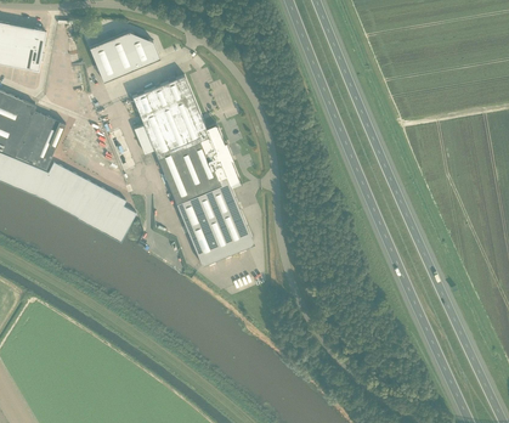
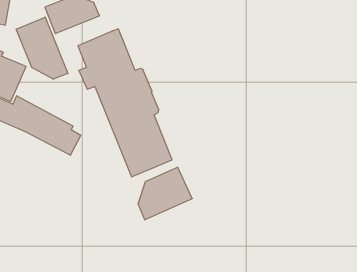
building: none -> [16,17,68,79]
building: none -> [138,167,192,220]

